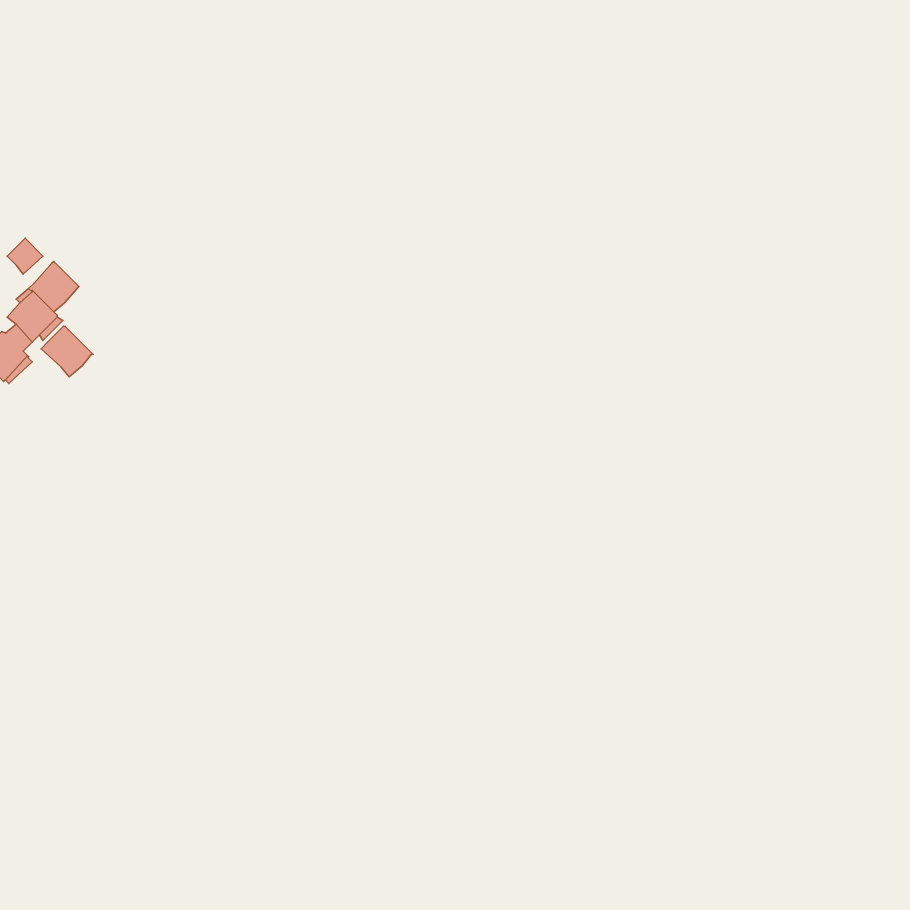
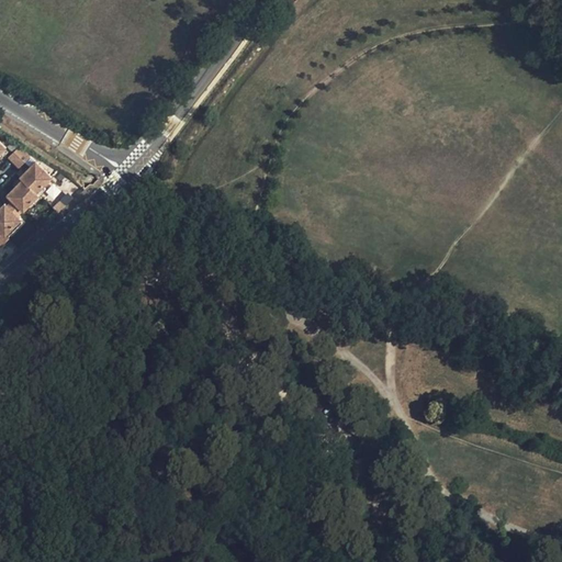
building: [41,326,93,377] -> none

